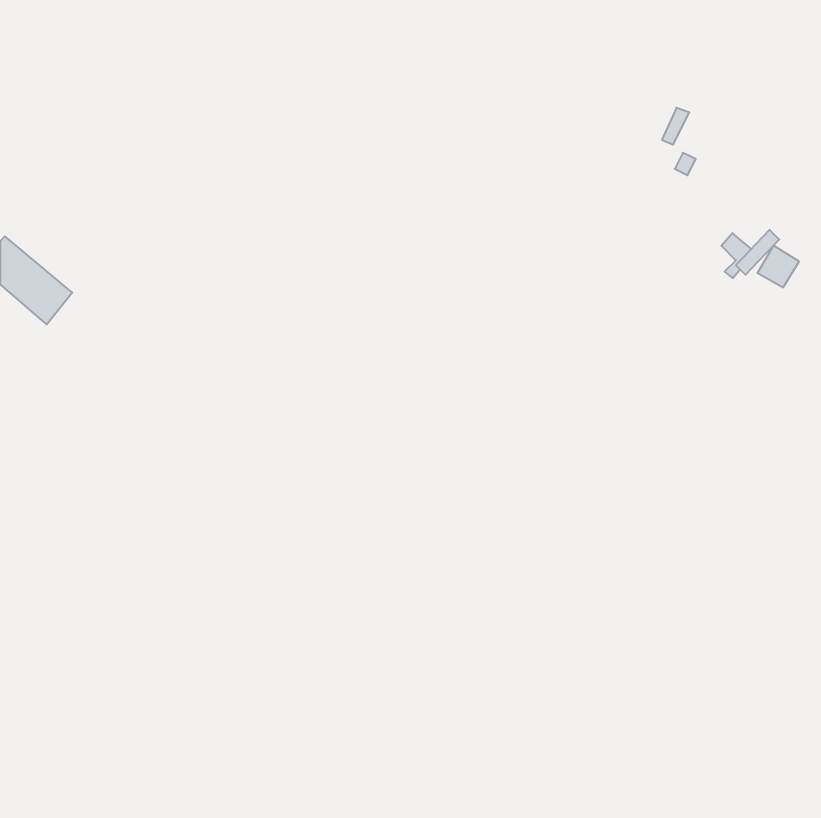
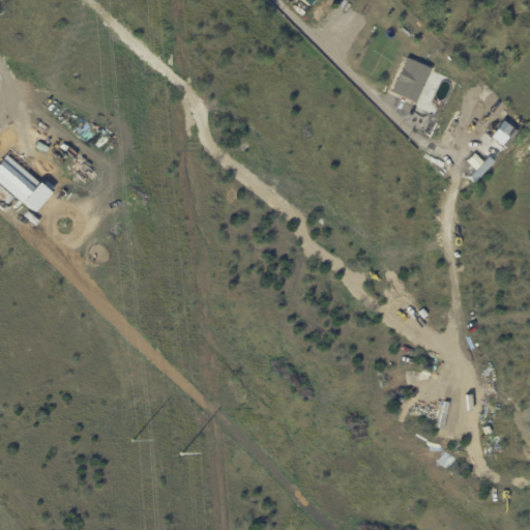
building: none -> [400,62,432,104]
building: [757,246,799,287] -> [490,118,517,145]

